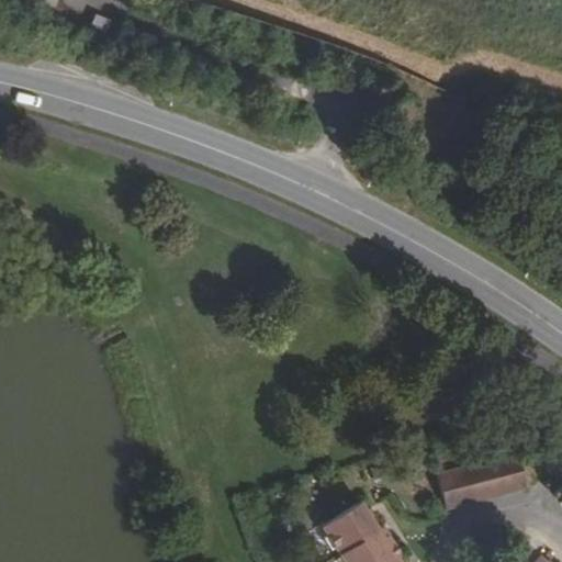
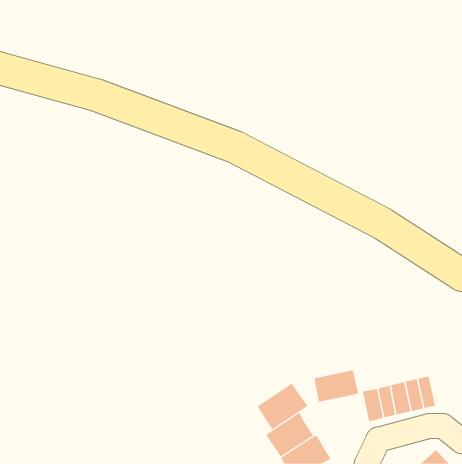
building: none -> [314,369,359,403]
building: none -> [257,383,309,430]

